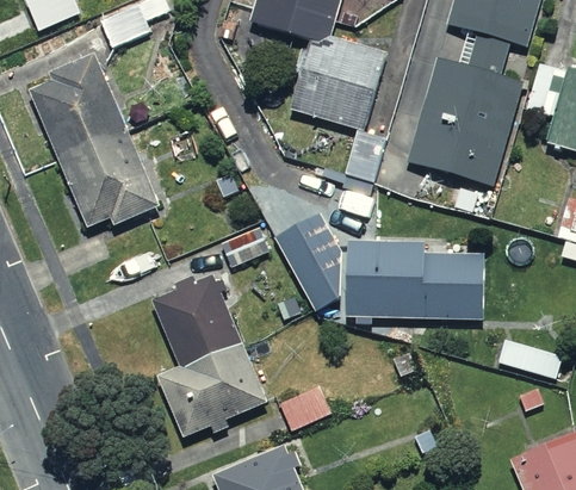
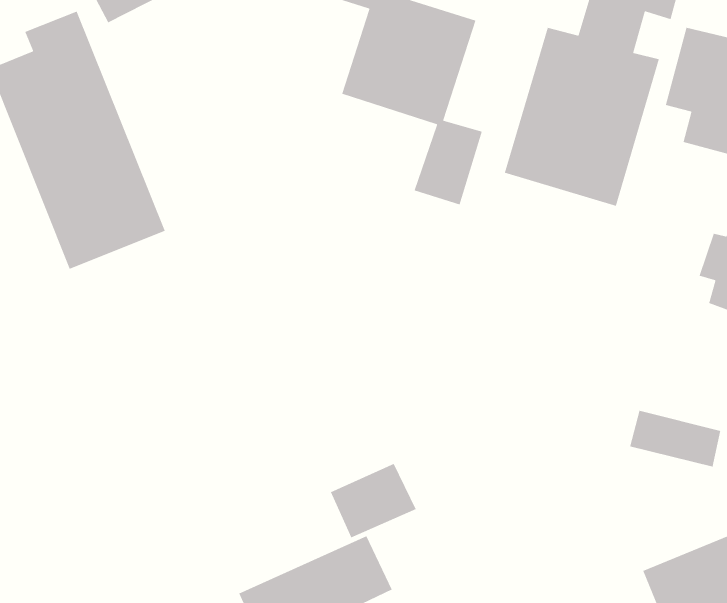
building: [291,217,493,328] -> none
building: [149,274,271,438] -> none

